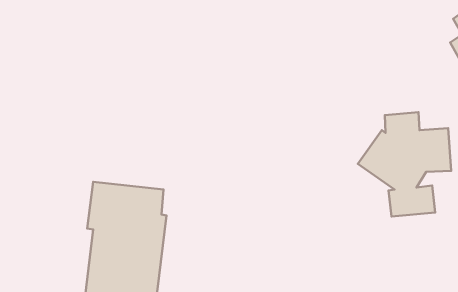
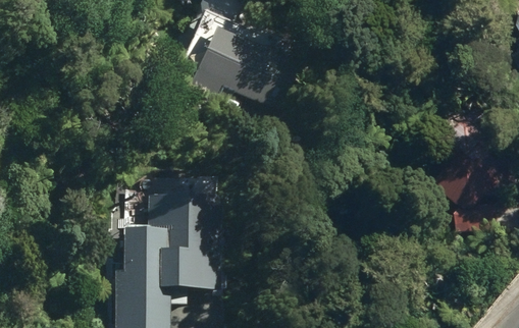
building: none -> [178,20,295,104]

